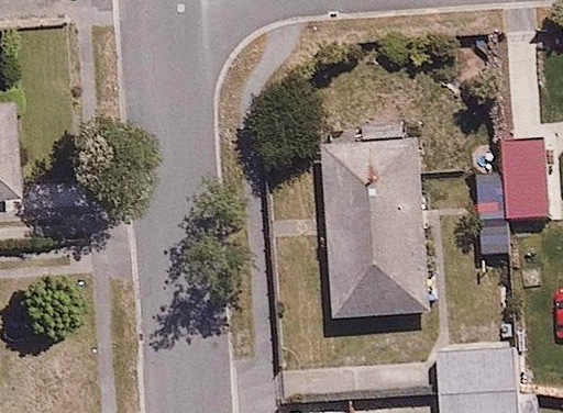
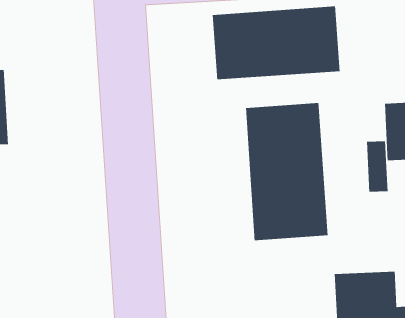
building: none -> [212,5,341,80]

